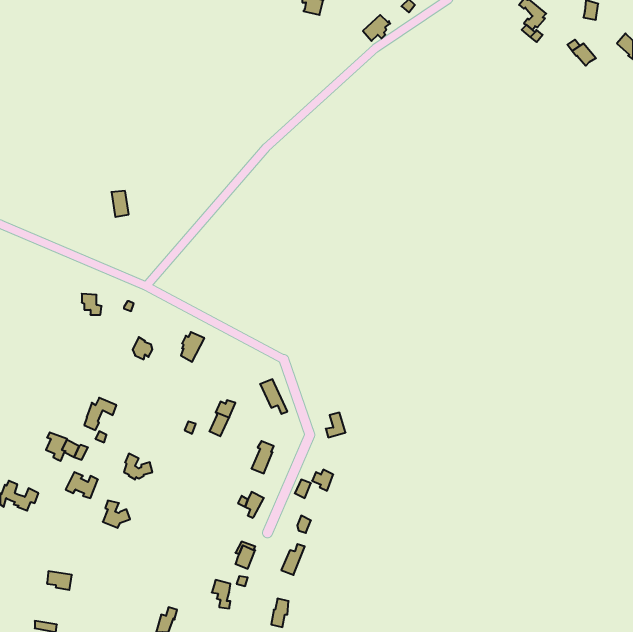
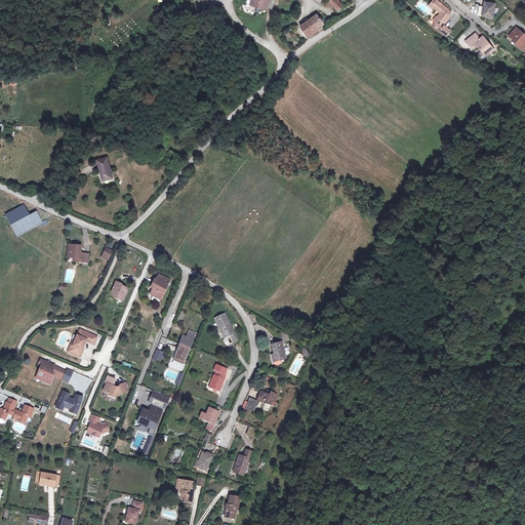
building: none -> [7,206,40,234]
building: none -> [138,389,170,433]

